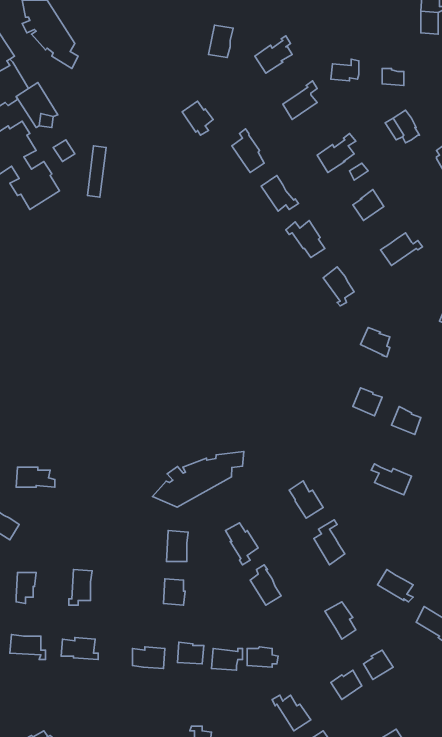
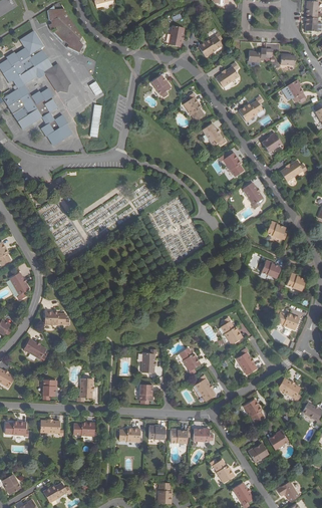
building: [153,451,244,507] -> none

